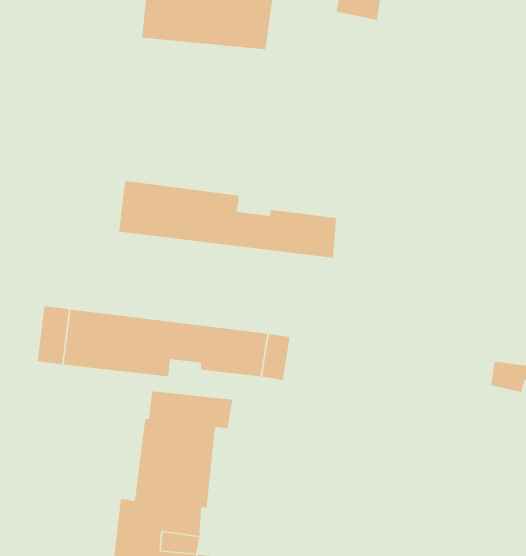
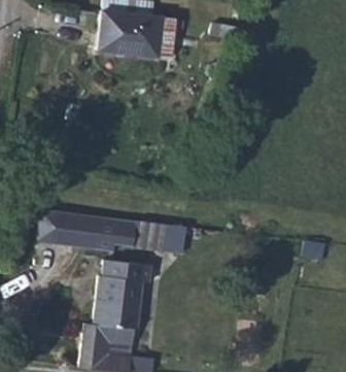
building: [119,180,337,258] -> none

